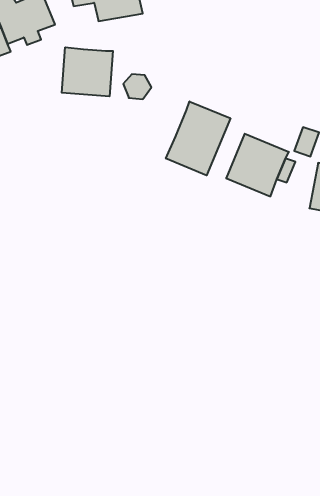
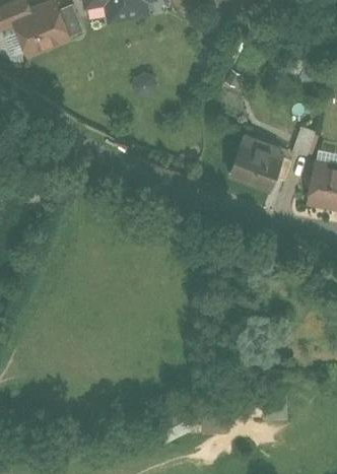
building: [62,47,113,96] -> none
building: [166,101,230,175] -> none

